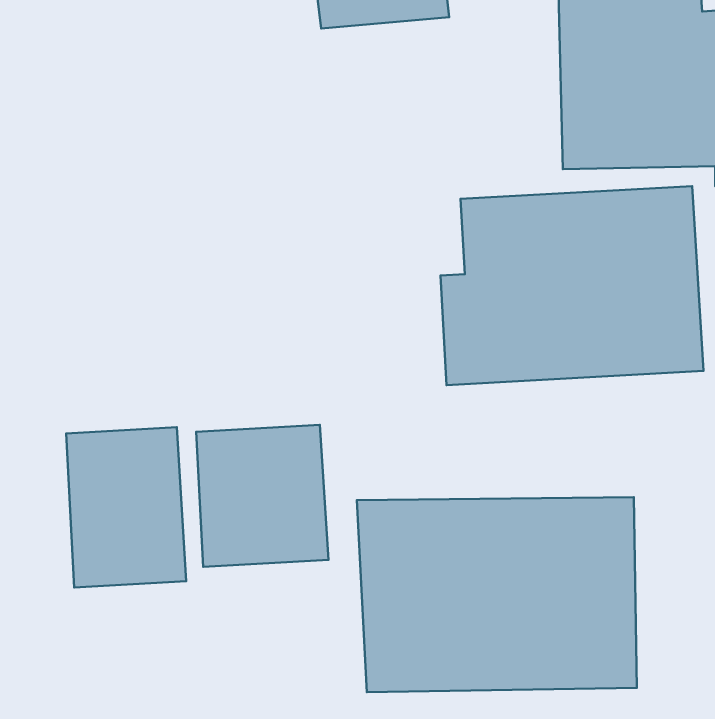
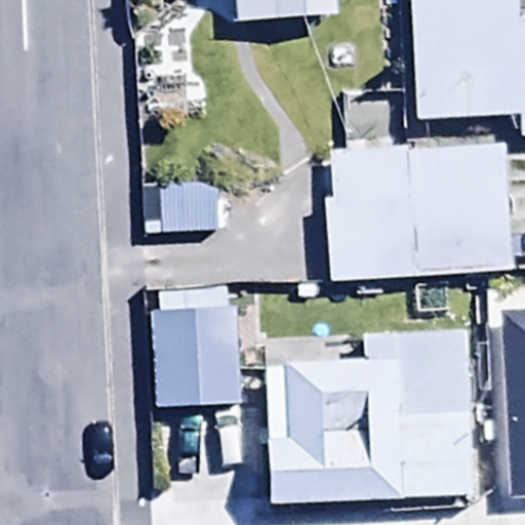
building: [66,427,186,587] -> none

